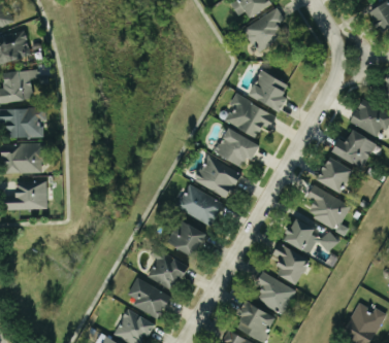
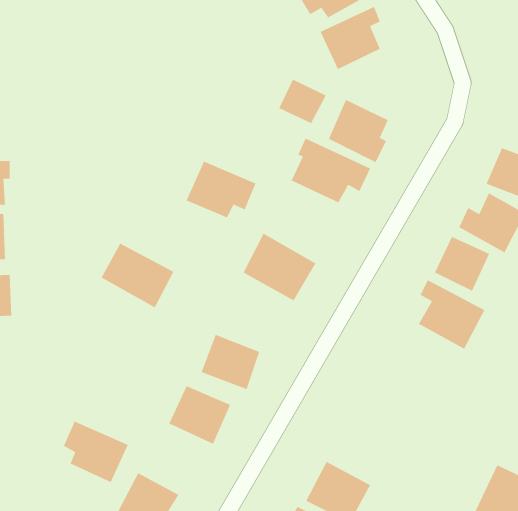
building: none -> [278,79,327,124]
building: [215,128,260,165] -> [186,161,256,219]
building: [176,184,224,227] -> [101,242,175,308]
building: [284,217,337,252] -> none
building: [269,242,310,284] -> none
building: [256,271,295,313] -> none
building: [128,278,170,318] -> [63,420,129,483]

